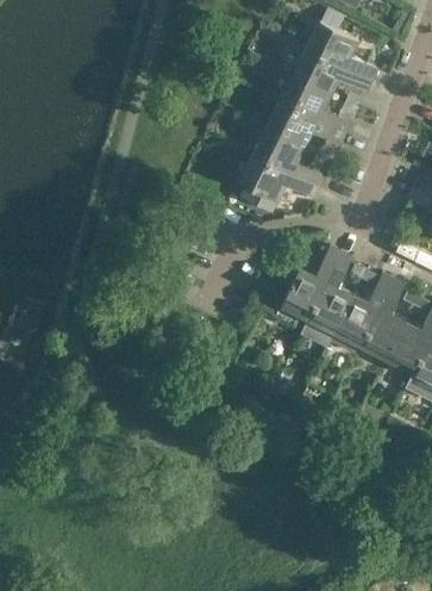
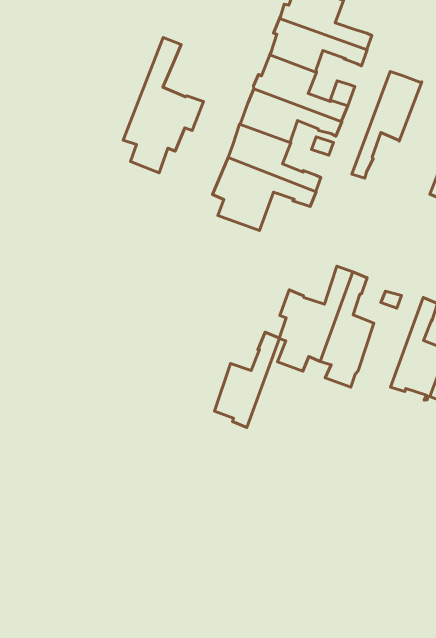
building: none -> [123,38,204,173]
building: none -> [352,72,422,178]
building: [337,273,394,346] -> [214,332,279,428]

